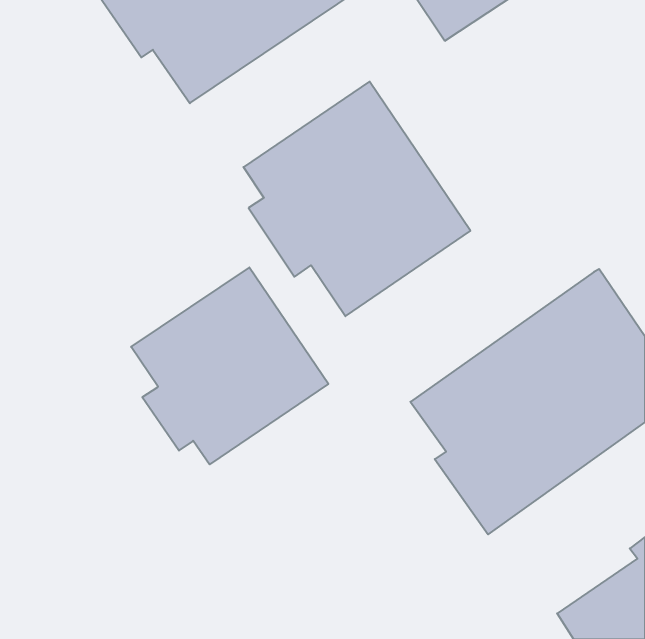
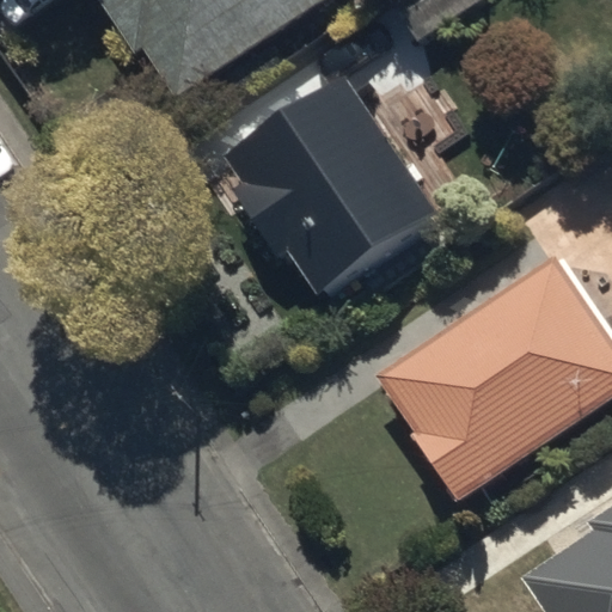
building: [131,267,328,464] -> none

